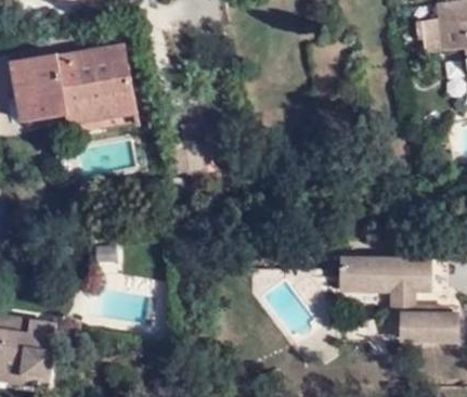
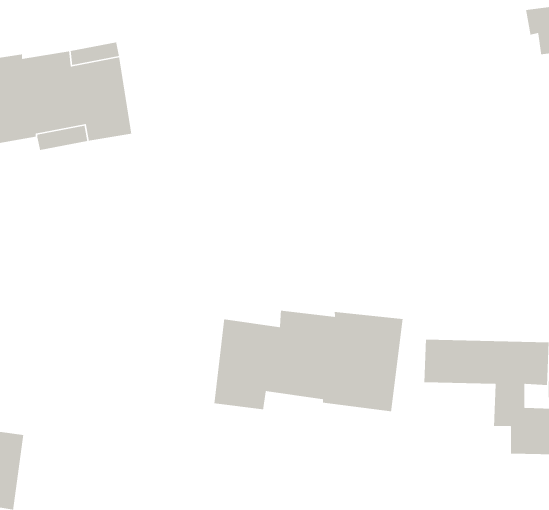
building: none -> [213,310,403,412]

